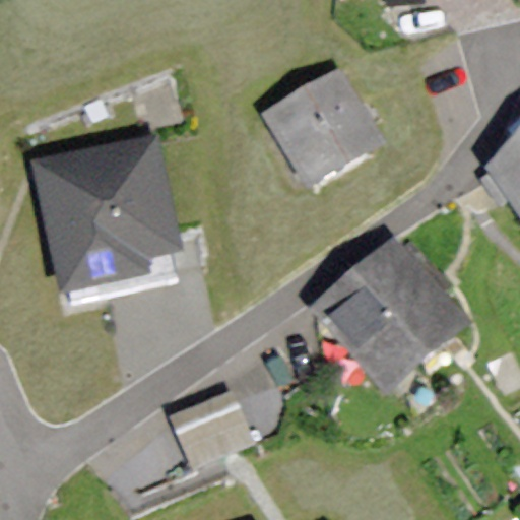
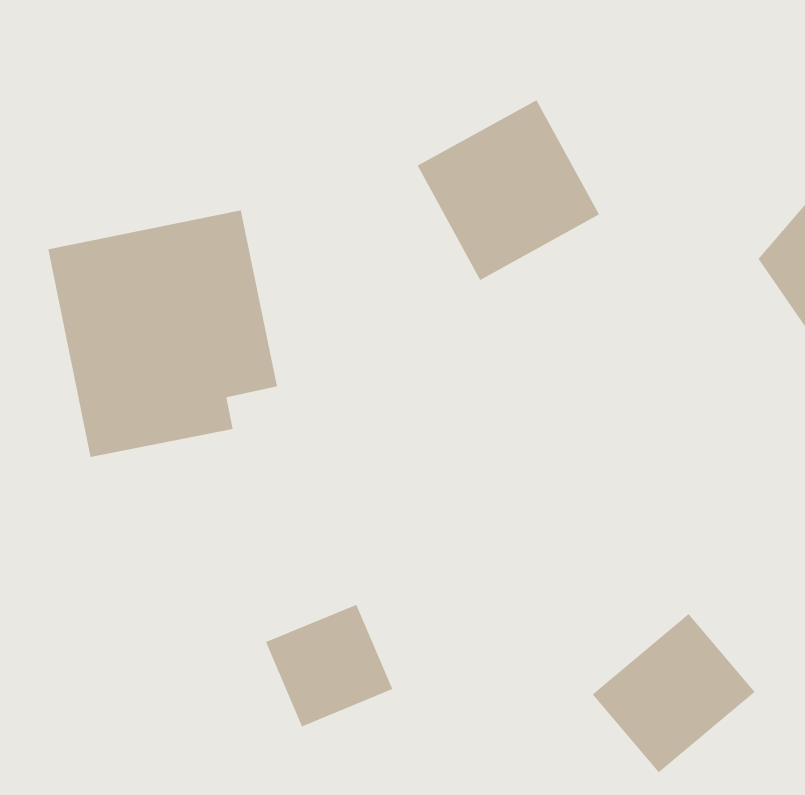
building: [309,238,466,396] -> none
building: none -> [592,613,755,773]

